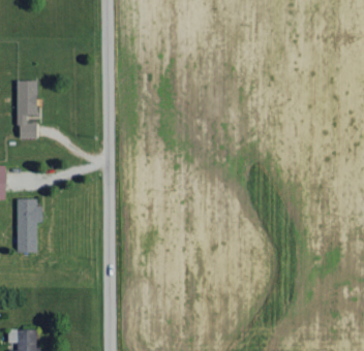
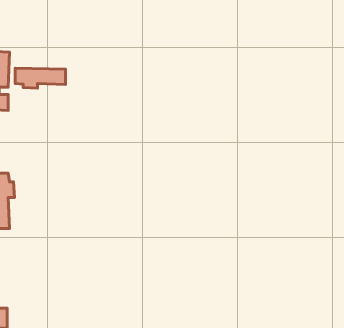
building: none -> [15,68,65,88]

